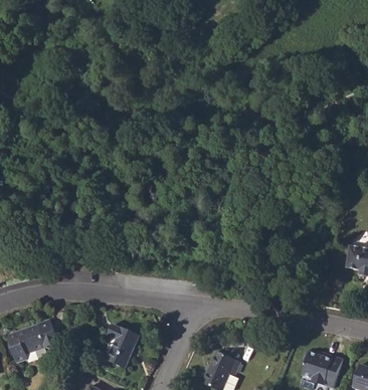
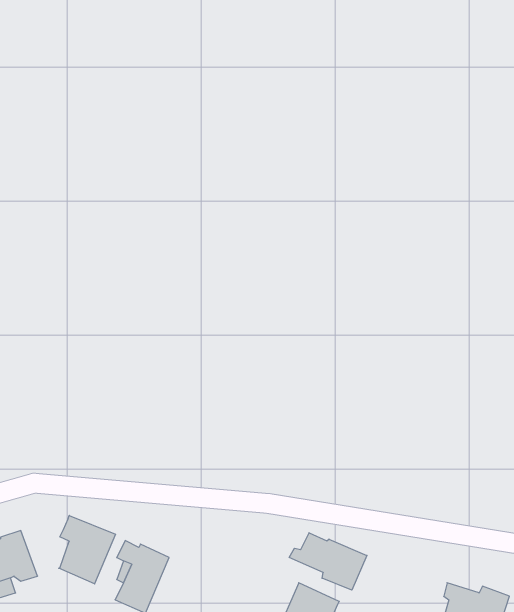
building: none -> [59,515,116,584]
building: none -> [289,533,367,590]

